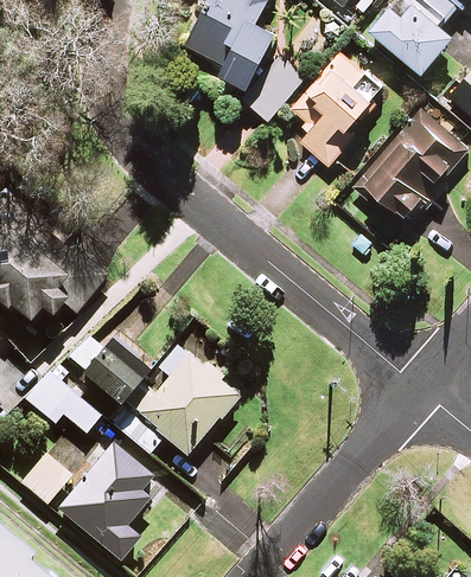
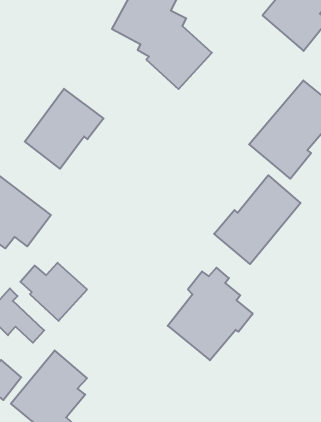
building: [294,52,382,164] -> none
building: none -> [25,89,104,169]
building: none -> [214,175,301,264]
building: [134,341,240,456] -> [168,268,253,360]

